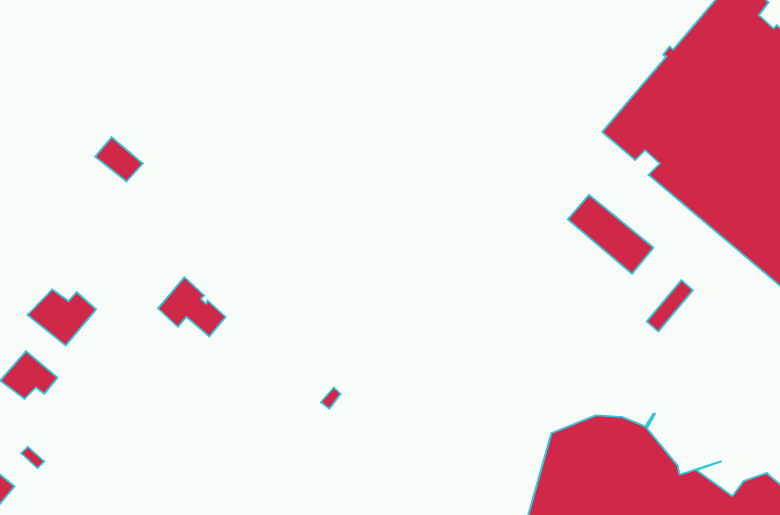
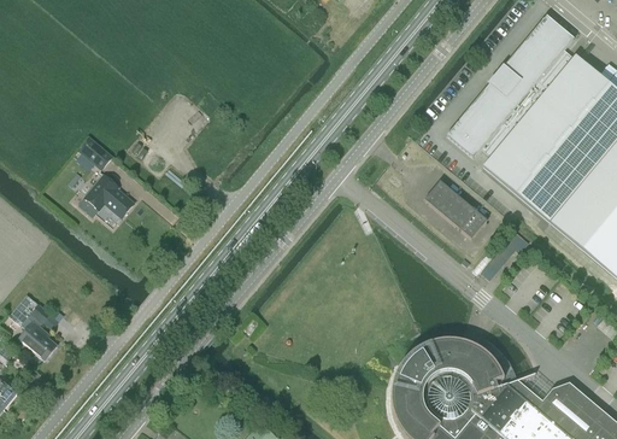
building: [158,277,226,337] -> [83,172,133,216]
building: [27,289,96,345] -> none
building: none -> [20,320,59,358]

